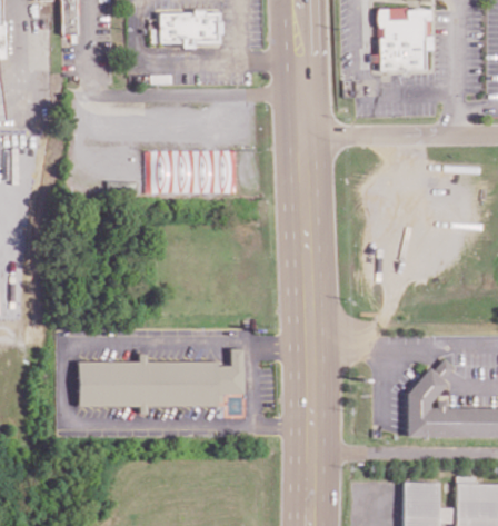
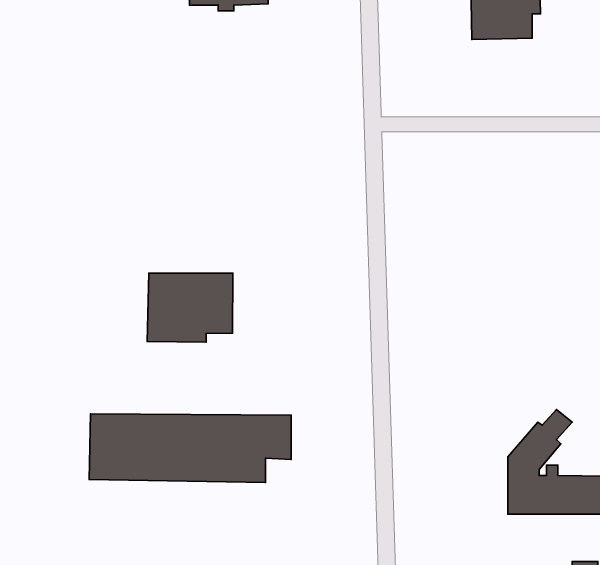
building: none -> [147,273,233,342]

